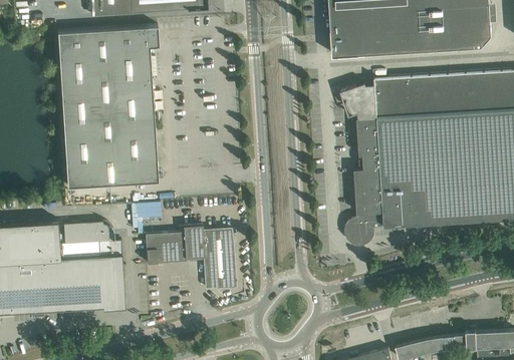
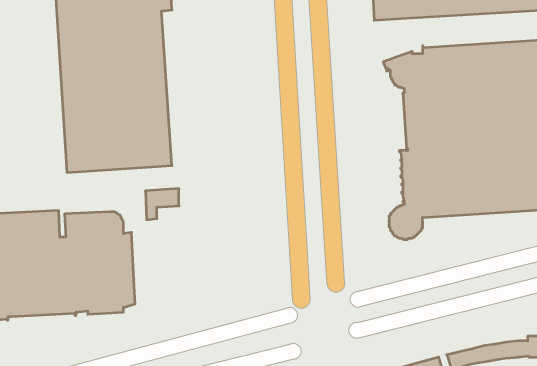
building: [146,225,236,289] -> none

